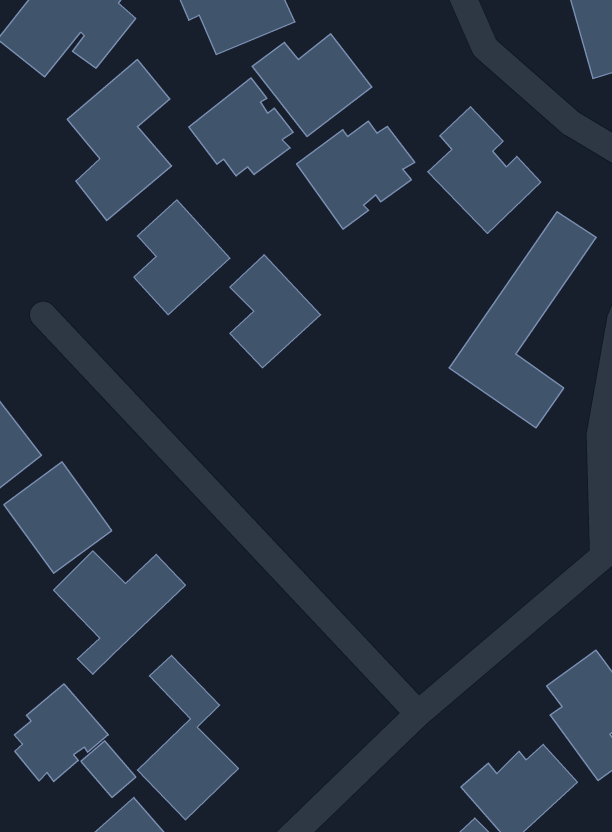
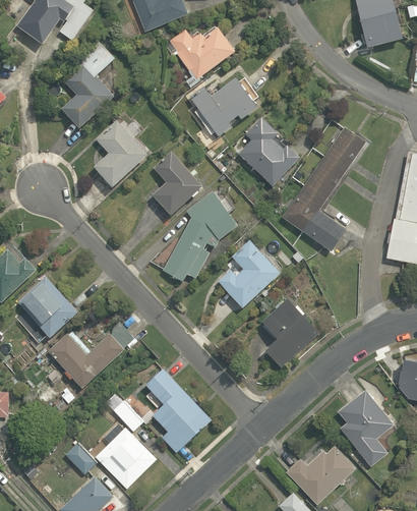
building: [189,78,293,176] -> none
building: [428,107,541,233] -> [235,113,302,188]
building: none -> [162,189,237,280]
building: none -> [216,238,280,309]
building: none -> [257,293,319,367]
building: none -> [143,367,211,453]
building: [14,684,108,782] -> none

